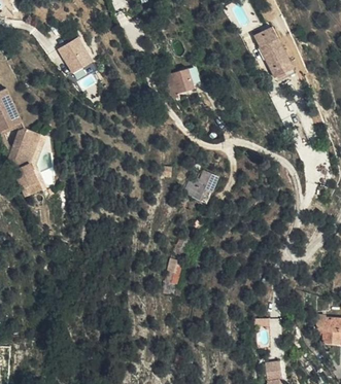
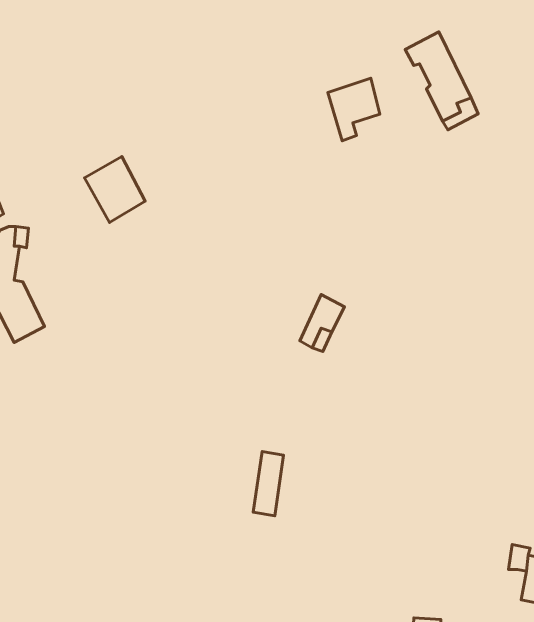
building: [60,34,95,72] -> [84,156,145,223]
building: [165,67,195,103] -> [328,78,380,141]

